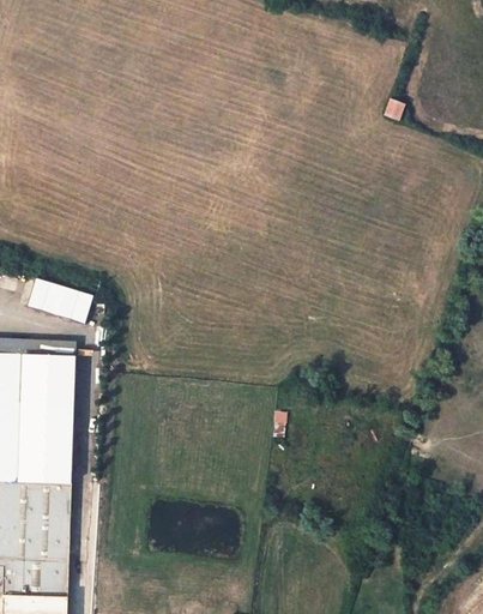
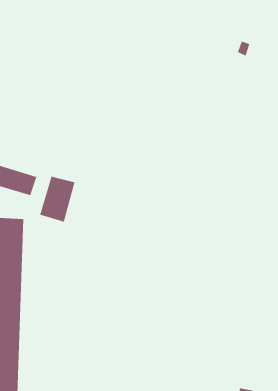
building: none -> [40,176,75,222]

